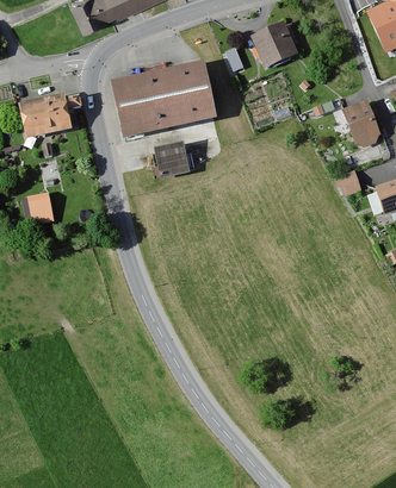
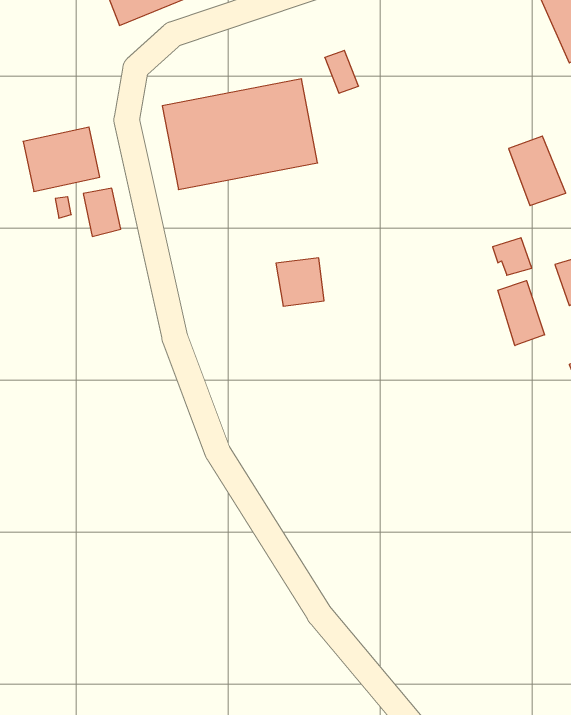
building: [253,21,297,65] -> none
building: [155,144,187,176] -> [276,258,324,306]
building: [26,190,51,223] -> [83,188,121,236]
building: none -> [498,281,545,346]

